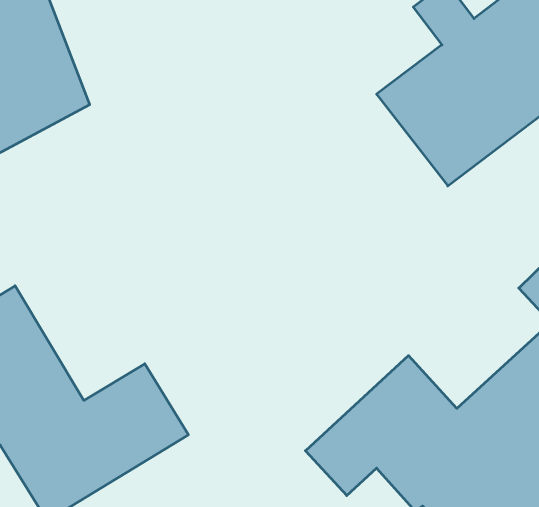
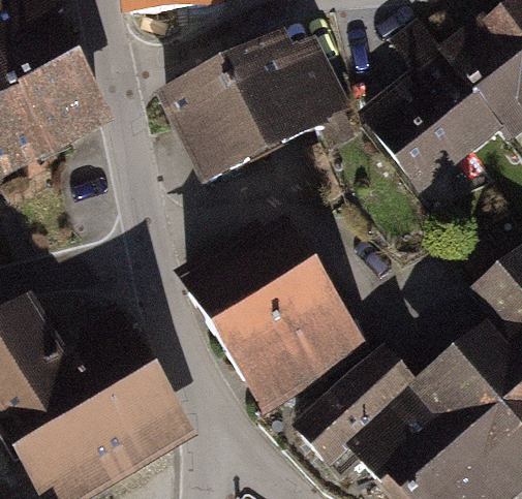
building: none -> [155,32,358,189]
building: none -> [189,225,370,409]

